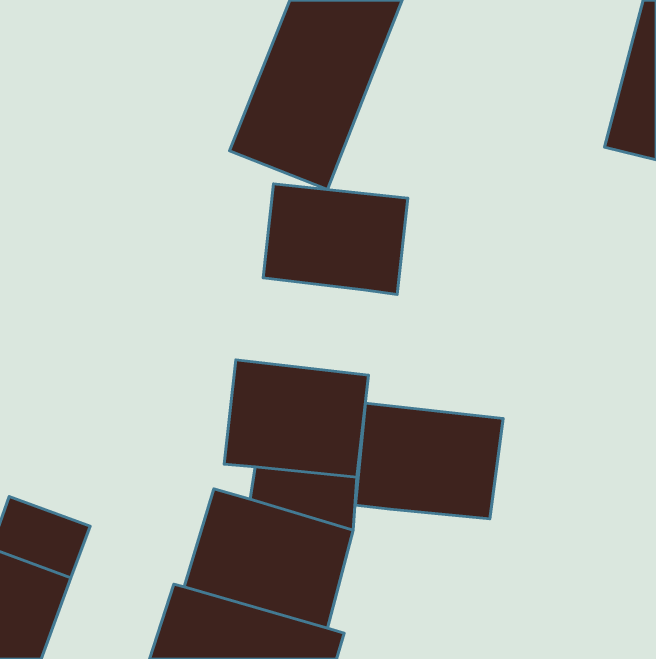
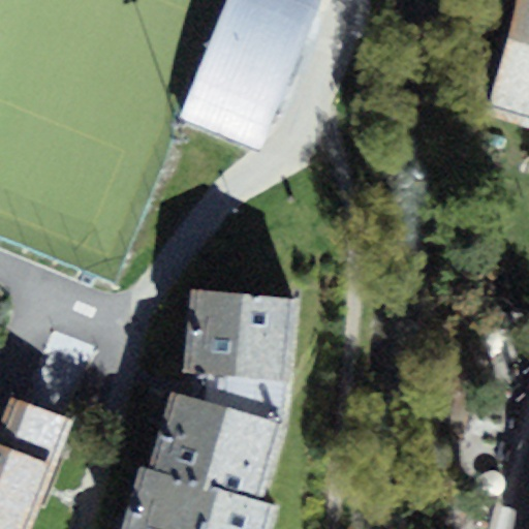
building: [263,184,408,294] -> none
building: [355,403,503,519] -> none

